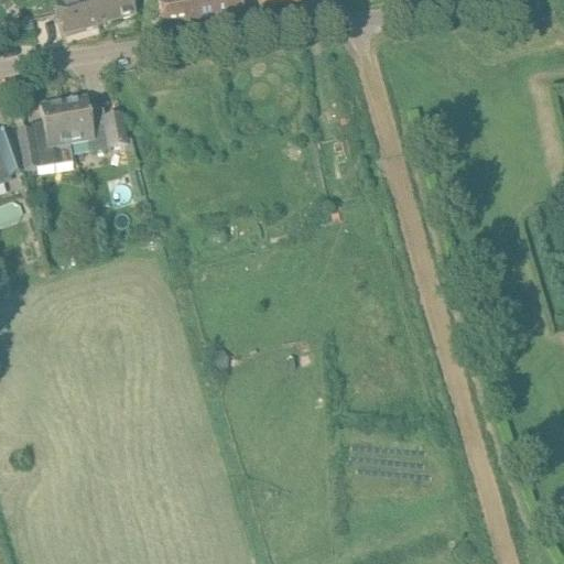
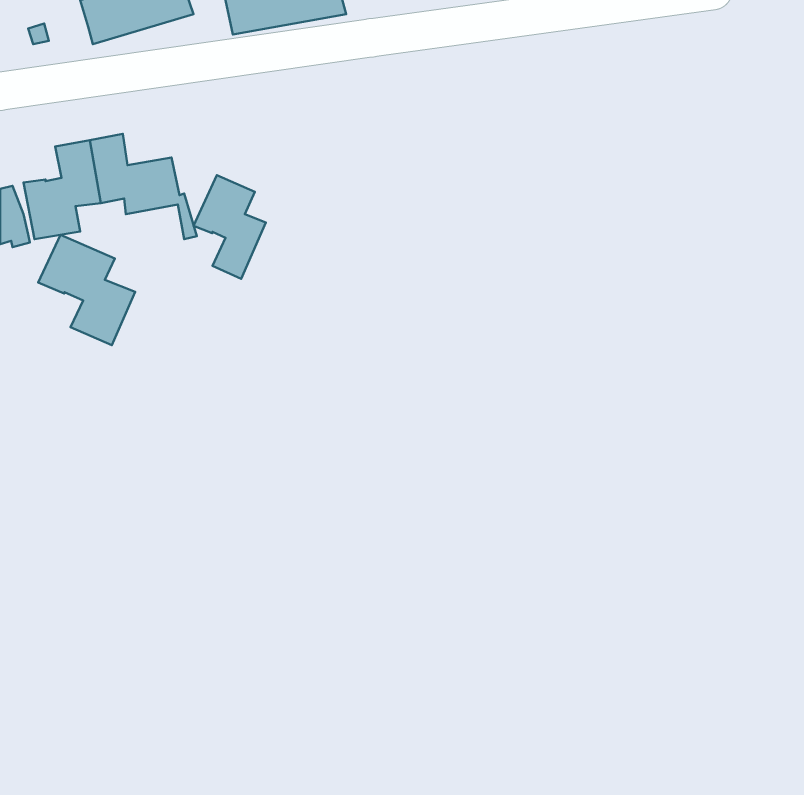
building: none -> [194,175,266,279]
building: none -> [38,235,135,345]

